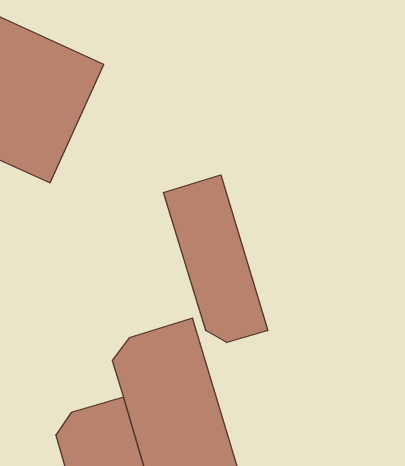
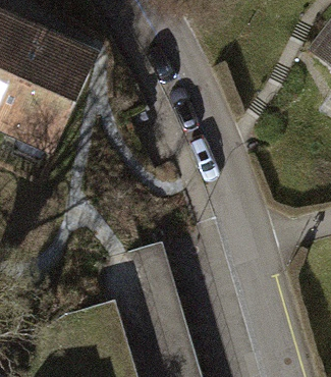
building: [164,175,268,343] -> none

